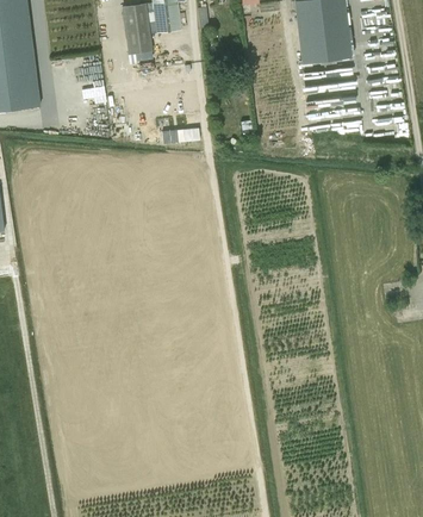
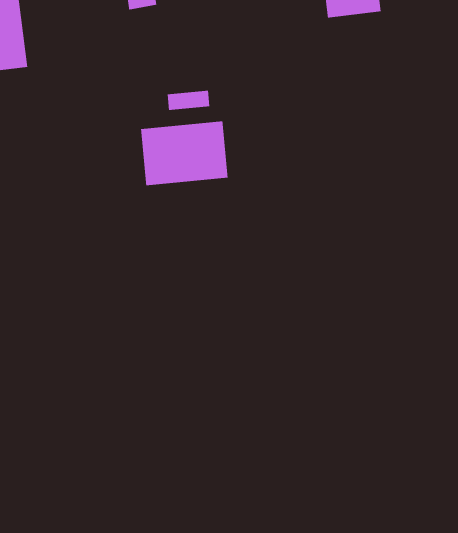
building: none -> [140,121,228,186]

